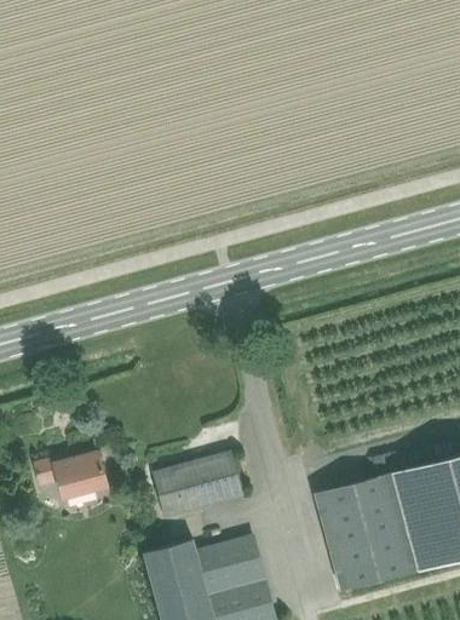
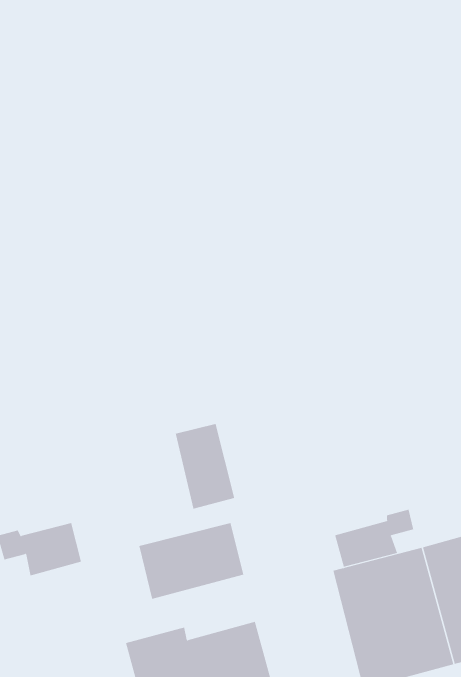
building: none -> [175,423,235,509]
building: none -> [334,509,414,568]

